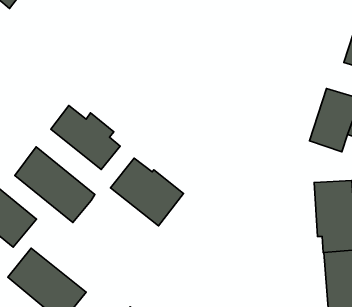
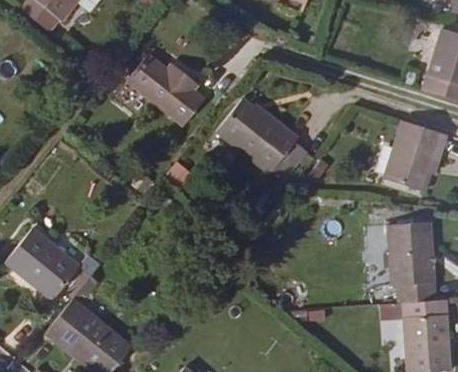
building: [51,106,120,170] -> [128,55,205,126]
building: [15,147,95,223] -> none
building: [111,158,184,226] -> [218,99,299,174]

